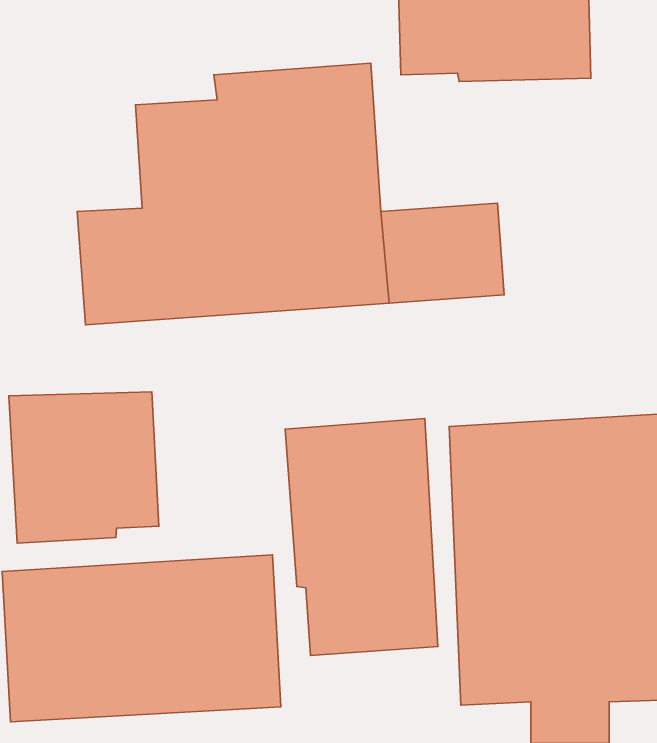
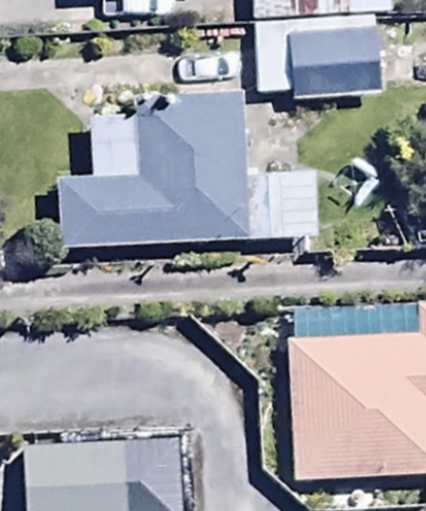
building: [9,392,159,543] -> none
building: [285,419,438,656] -> none

